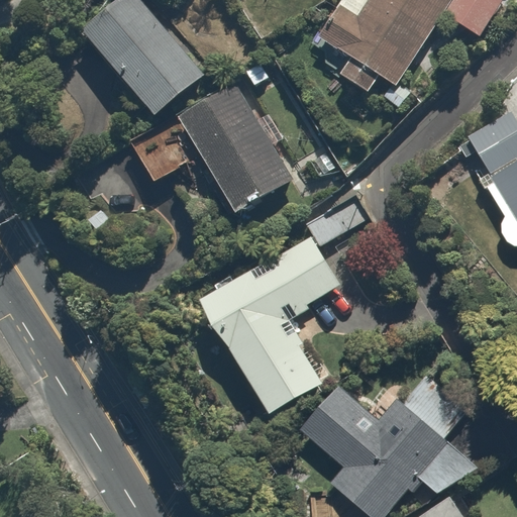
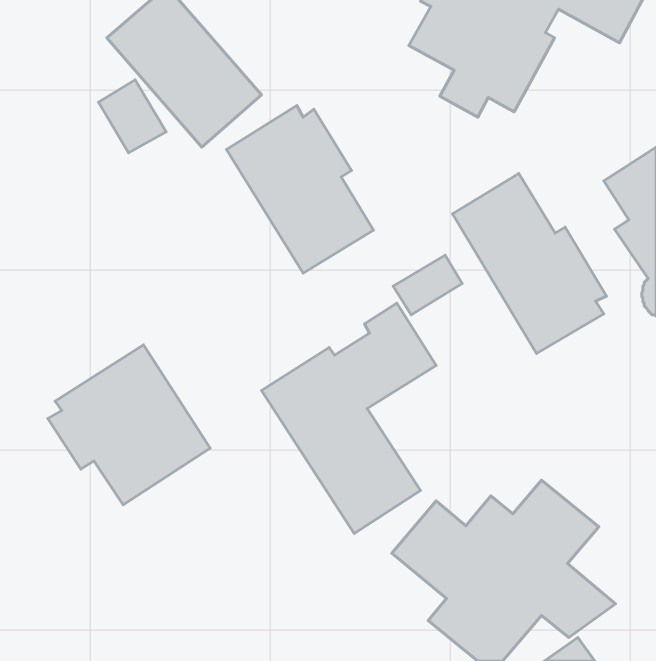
building: [131,123,184,180] -> [99,80,166,153]
building: none -> [453,173,607,353]
building: none -> [48,345,210,505]

